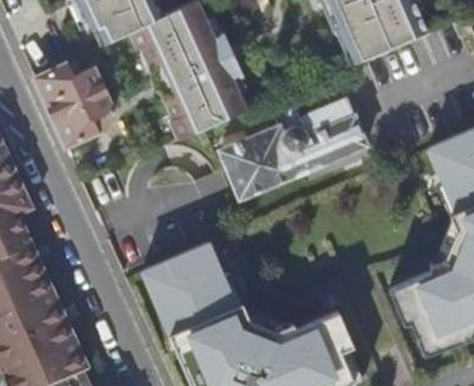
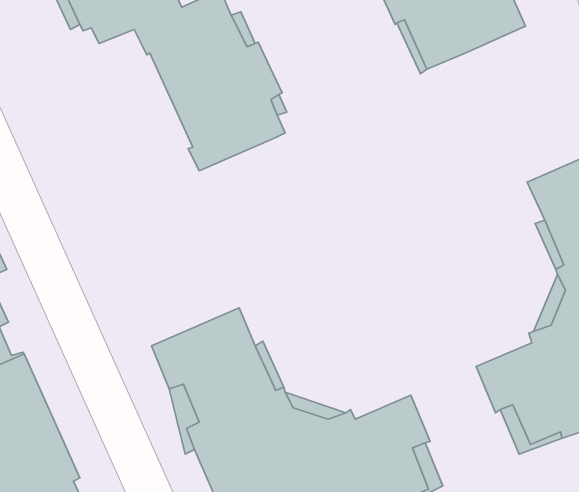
building: [36,63,113,147] -> none
building: [220,98,367,198] -> none

